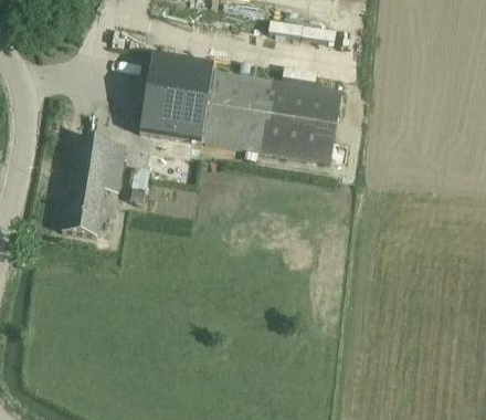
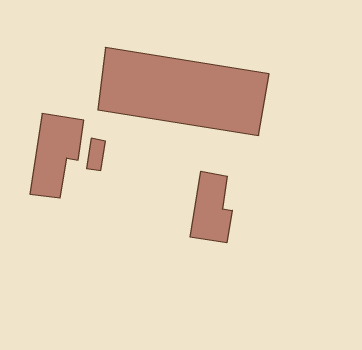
building: none -> [190,171,232,243]

